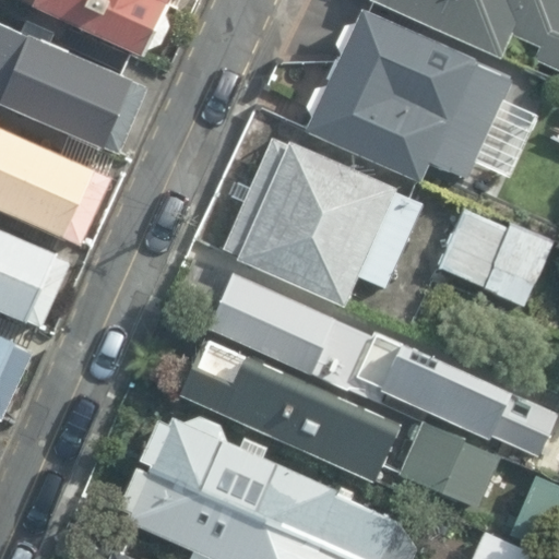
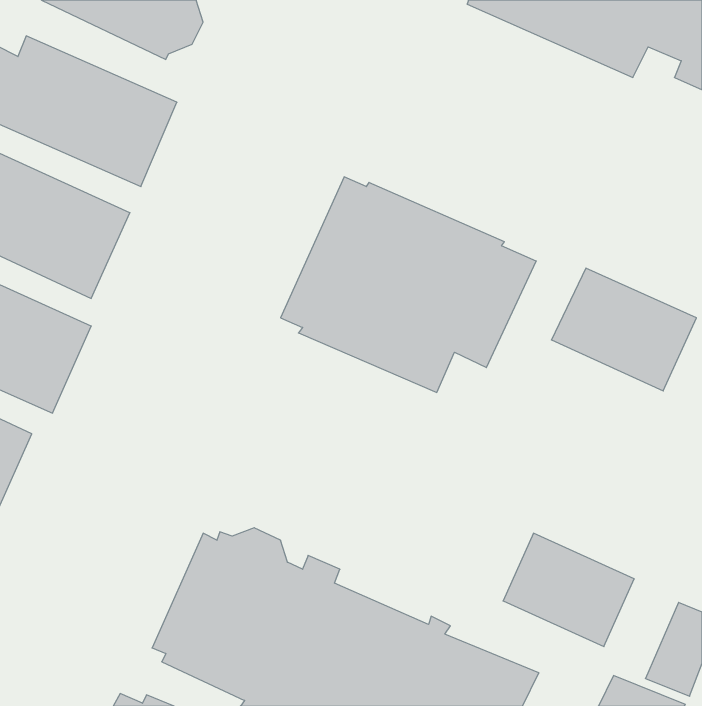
building: [304,12,538,186] -> none
building: [209,274,512,443] -> none
building: [178,337,404,486] -> none

